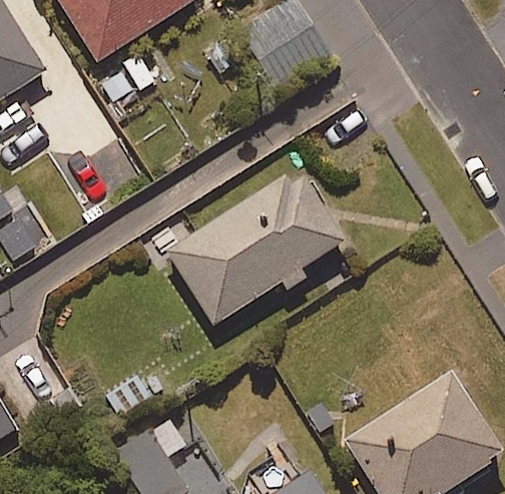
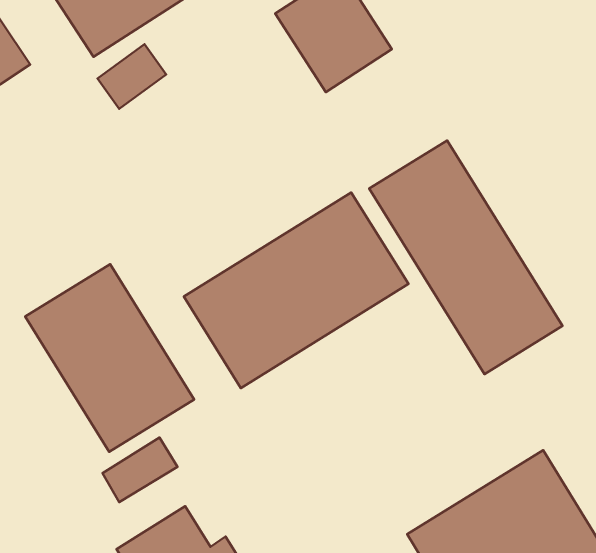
building: none -> [369,140,563,374]
building: none -> [25,264,194,452]

